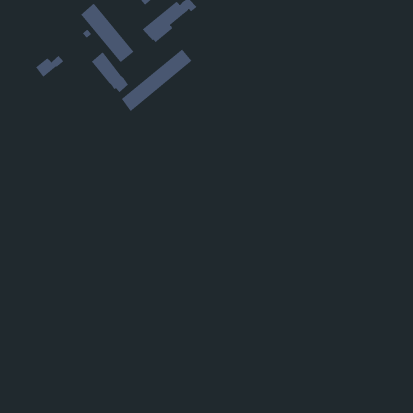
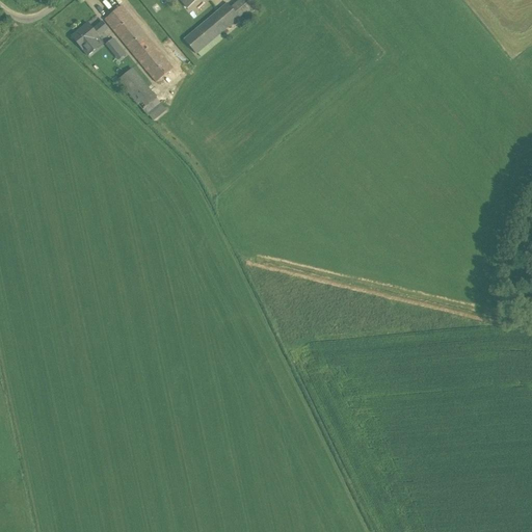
building: [121,49,192,112] -> none
building: [35,55,64,78] -> [71,19,108,48]

